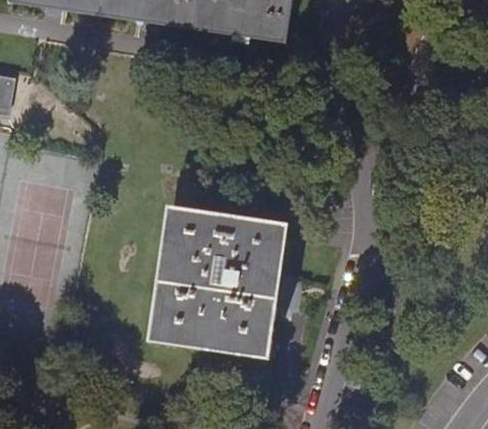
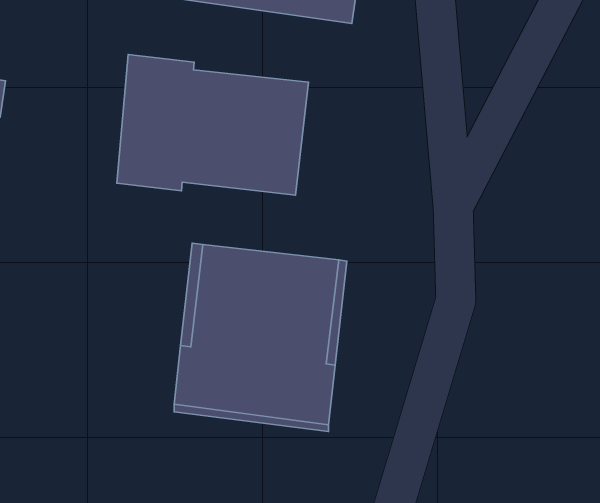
building: none -> [117,54,309,195]

